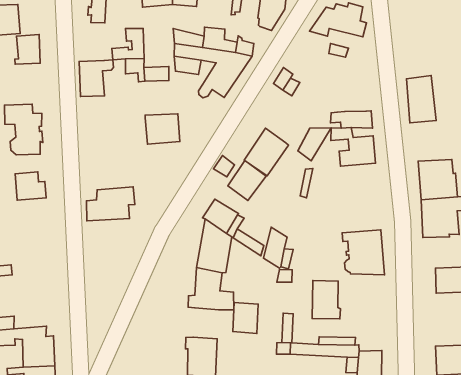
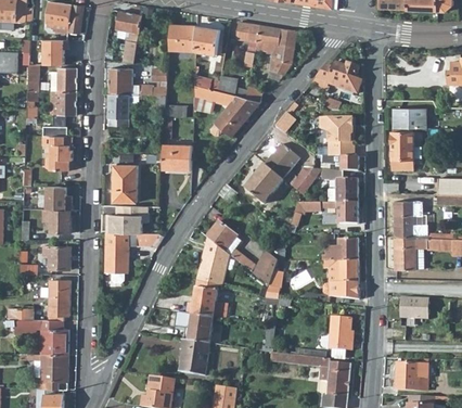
building: none -> [108,68,131,95]
building: none -> [393,109,425,128]
building: none -> [50,92,75,116]
building: none -> [320,117,354,157]
building: none -> [112,166,136,203]
building: [228,160,266,200] -> [265,144,298,179]
building: none -> [320,203,357,224]
building: none -> [42,209,70,232]
building: none -> [322,239,357,260]
building: none -> [103,232,163,282]
building: none -> [42,245,69,269]
building: none -> [48,280,68,320]
building: [312,281,340,319] -> [325,317,350,352]
building: [233,302,258,333] -> [188,315,211,343]

